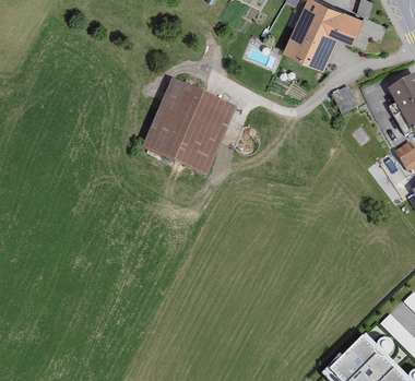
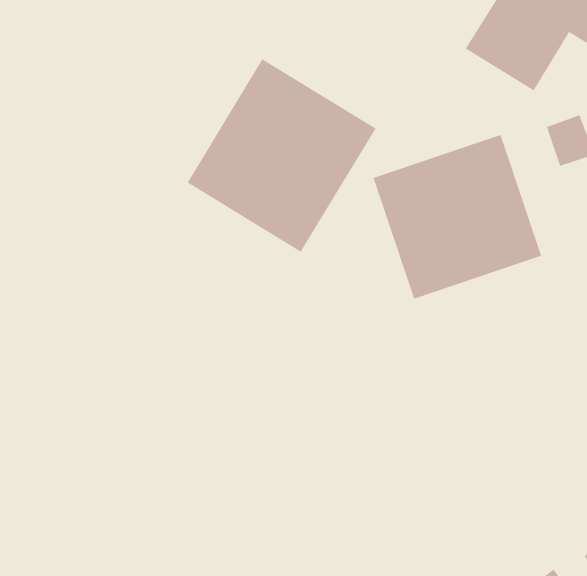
building: none -> [373,134,542,300]

